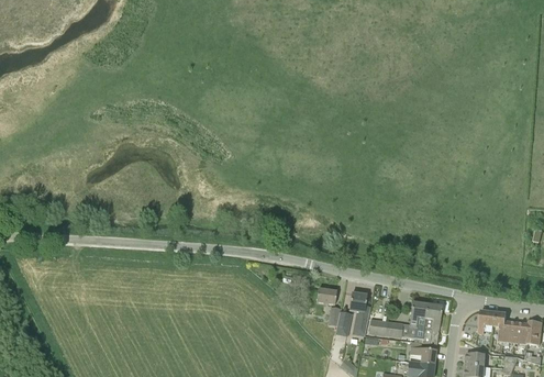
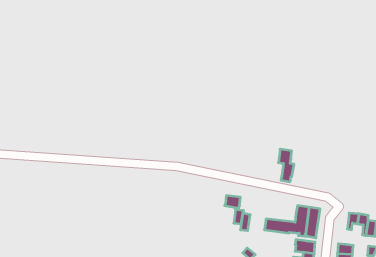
building: [348,292,369,335] -> [278,149,294,182]

